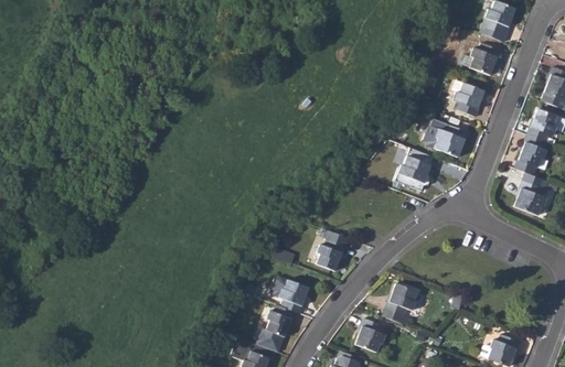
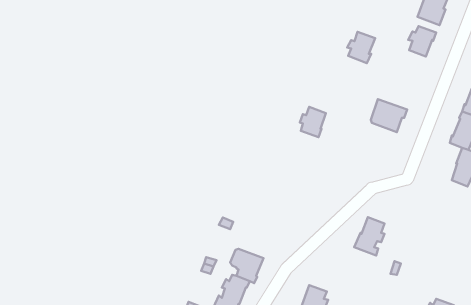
building: [455,85,484,118] -> [347,32,375,63]
building: [404,159,431,191] -> [300,107,326,137]
building: [318,228,351,269] -> none
building: [384,283,416,324] -> [354,217,384,256]

